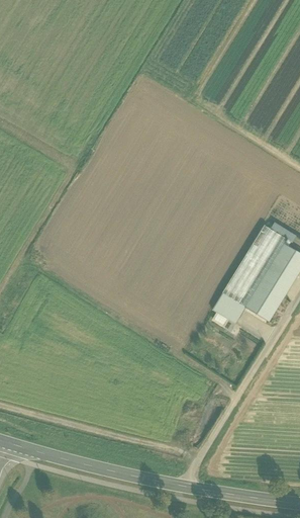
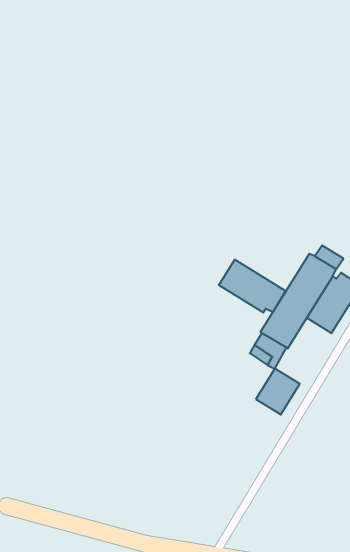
building: none -> [219,260,285,313]
building: [245,282,283,322] -> [256,368,300,415]

